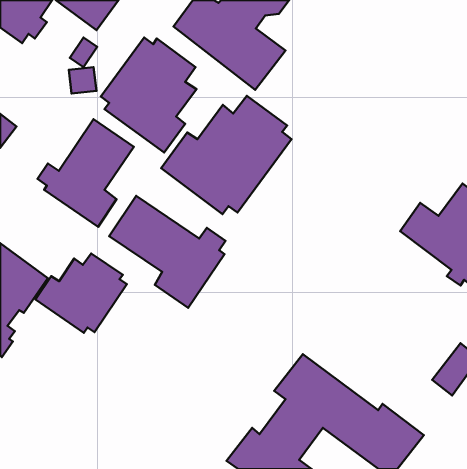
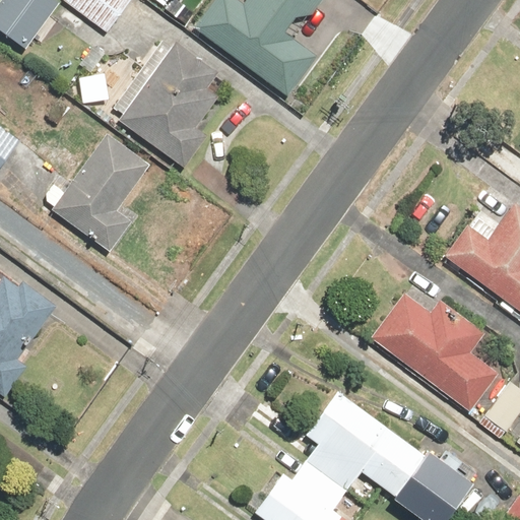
building: [161,96,291,214] -> none
building: [109,196,225,308] -> none
building: [36,254,127,333] -> none
building: none -> [373,295,499,411]

